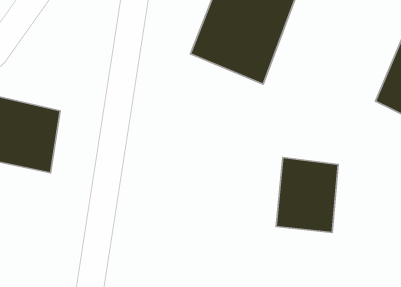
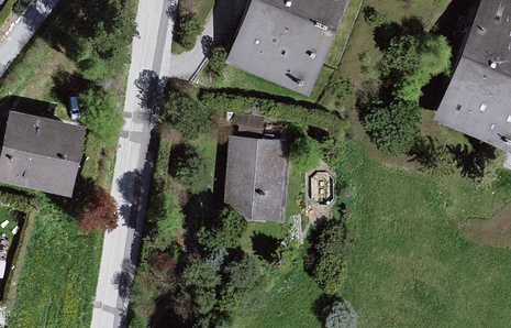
building: [276,158,338,232] -> [222,136,291,220]

